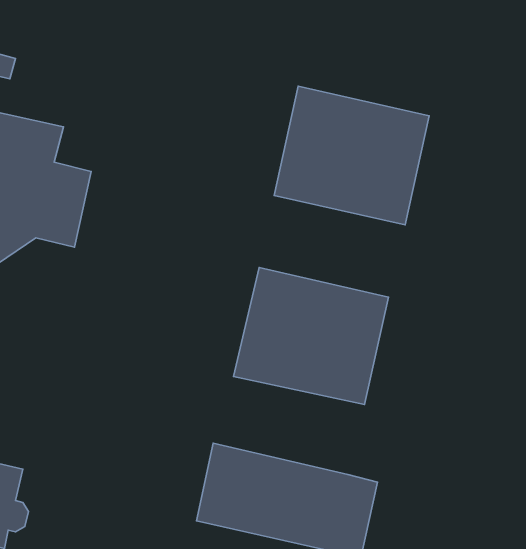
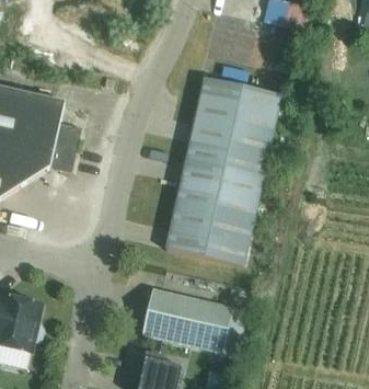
building: none -> [181,141,267,202]

